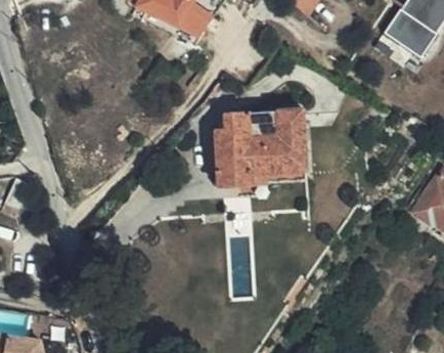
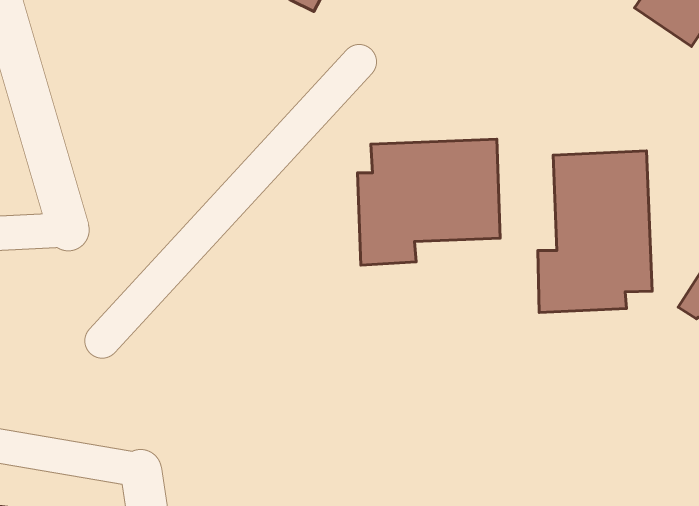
building: none -> [538,151,652,312]

